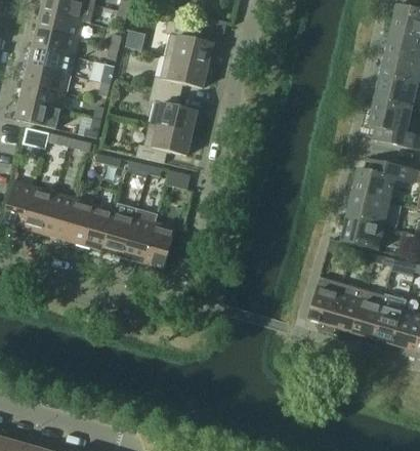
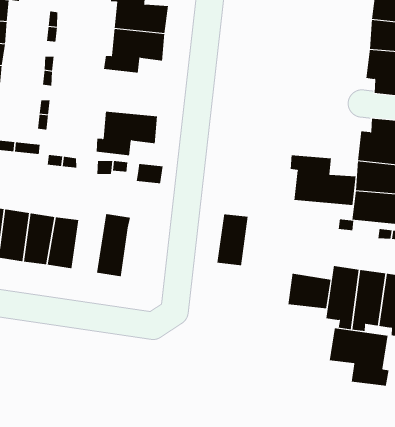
building: [149,87,197,132] -> none
building: none -> [290,154,356,206]
building: [103,202,137,255] -> none
building: [143,221,175,266] -> [217,214,249,266]
building: none -> [288,273,331,309]
building: none -> [329,327,389,386]

